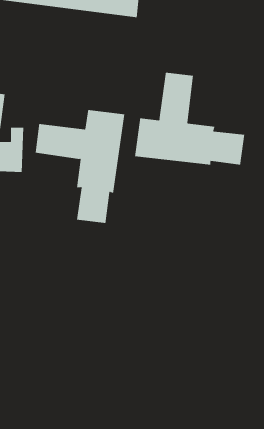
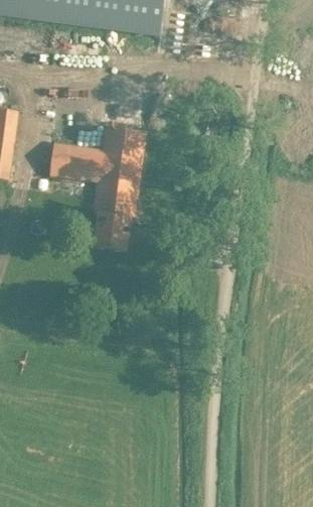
building: [135,72,245,166] -> none

